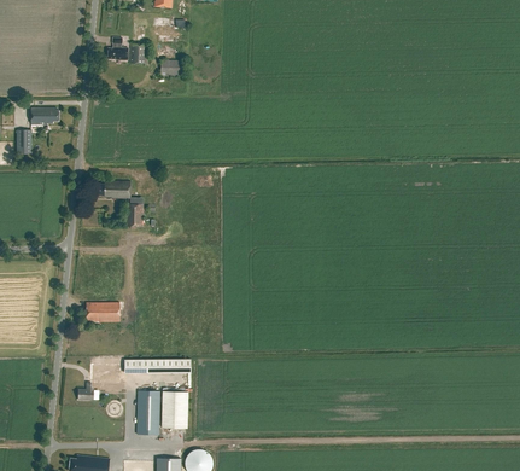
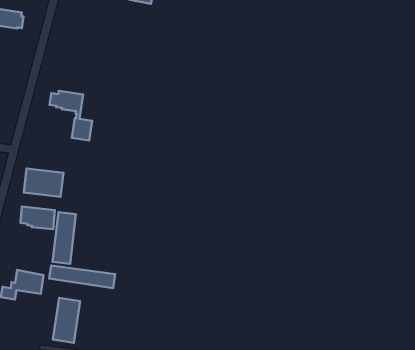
building: none -> [24,168,63,197]
building: none -> [53,212,76,264]
building: [160,390,186,428] -> none

